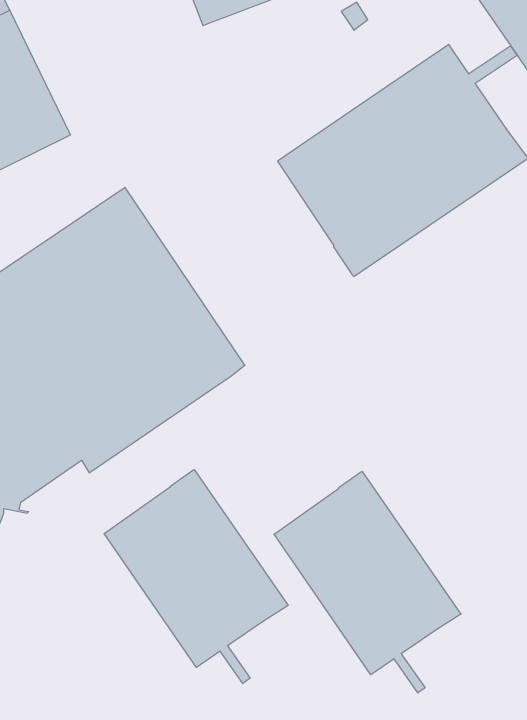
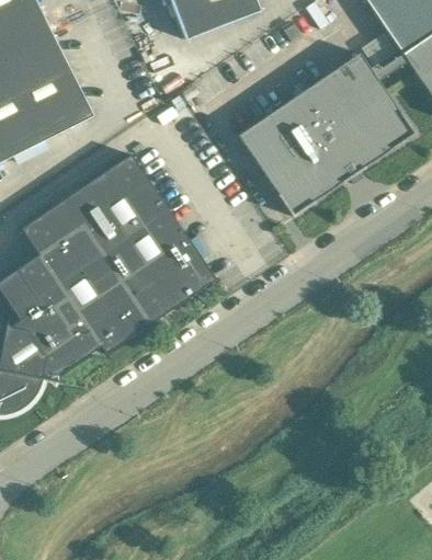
building: [104,470,288,684] -> none
building: [274,471,461,693] -> none

